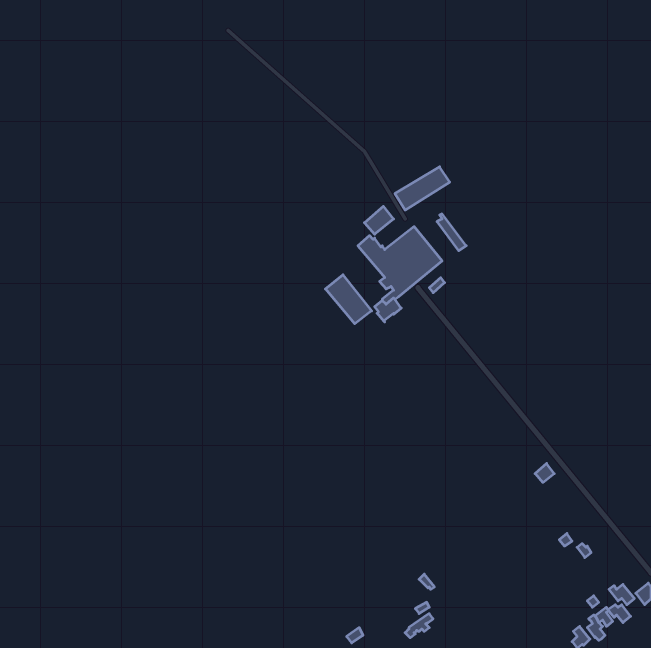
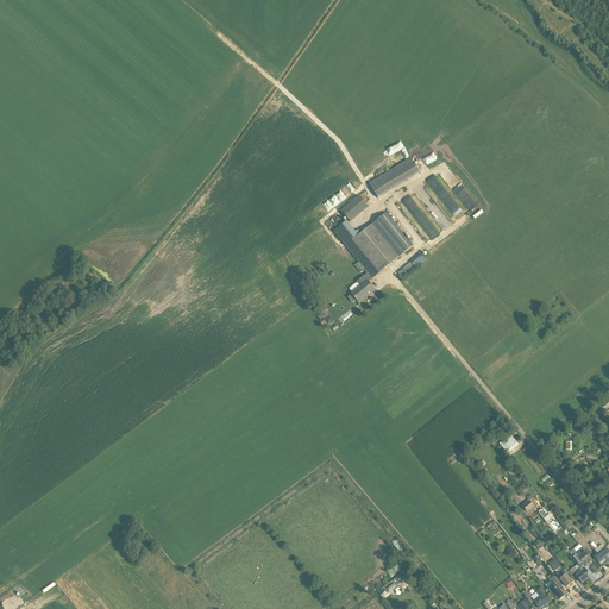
building: [325,275,372,324] -> none

